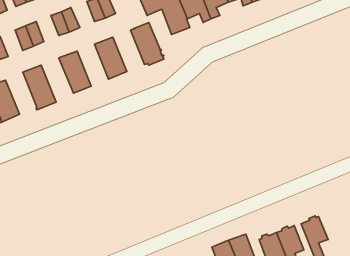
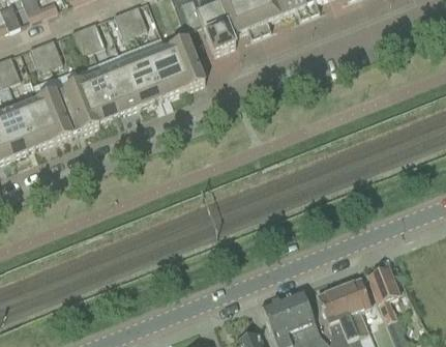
building: none -> [144,48,181,96]
building: none -> [101,64,139,114]
building: none -> [59,81,98,133]
building: none -> [17,97,54,147]

